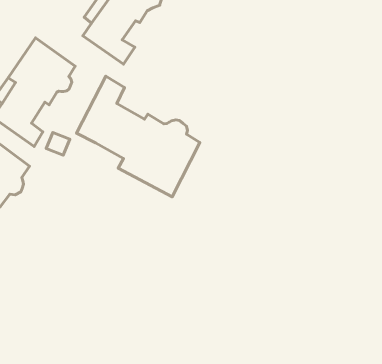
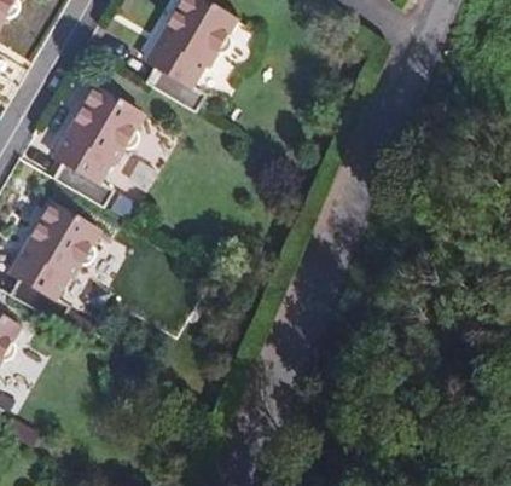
building: [77,76,200,197] -> none

